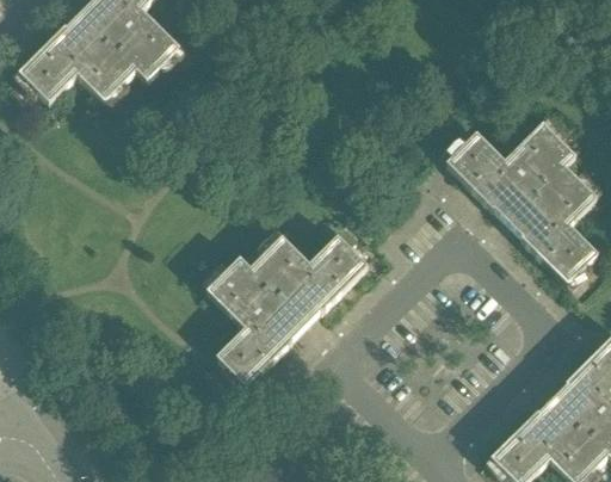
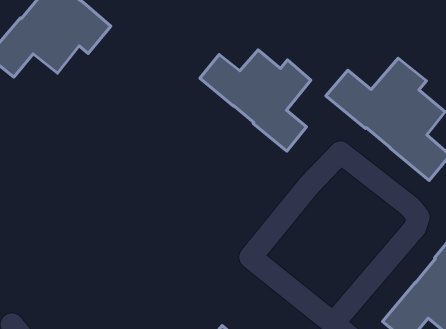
building: none -> [200,50,311,151]
building: [206,235,368,385] -> none

